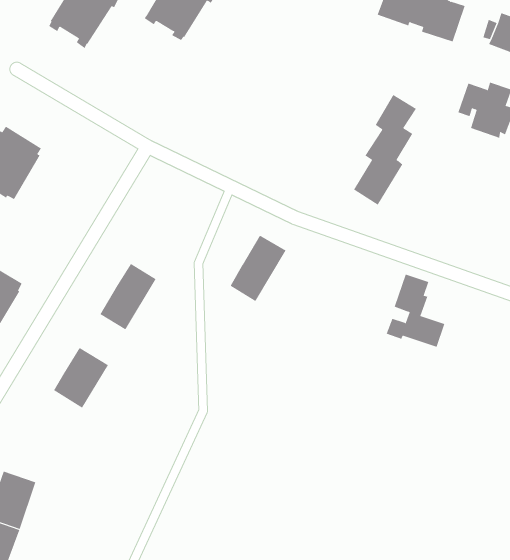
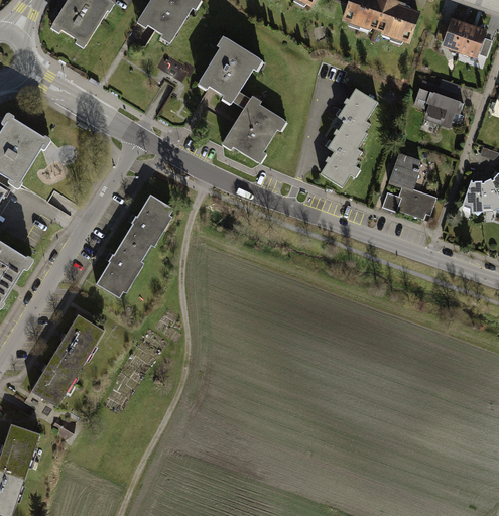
building: none -> [197,41,286,164]
building: [230,235,287,302] -> [123,194,173,253]
building: [386,274,445,348] -> [382,153,434,219]
building: none -> [30,352,81,406]

